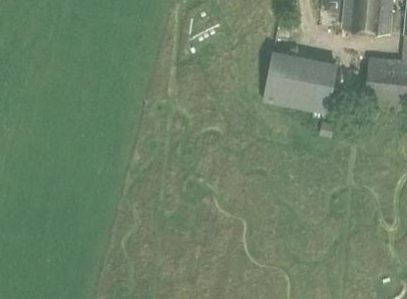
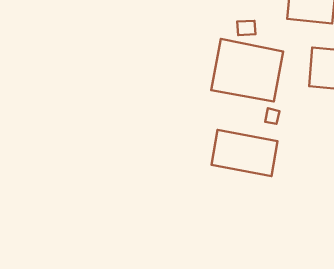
building: none -> [211,130,277,176]

